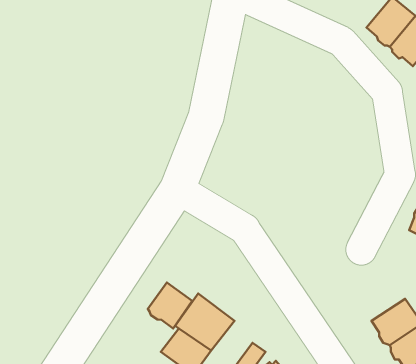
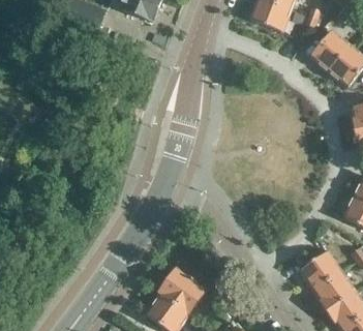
building: none -> [300,251,341,290]
building: [148,283,192,328] -> none

